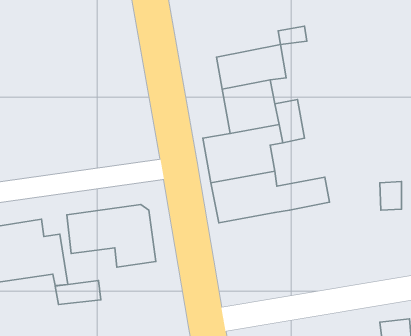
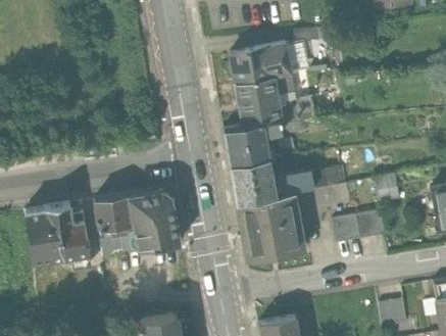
building: none -> [234,197,307,263]
building: none -> [330,211,379,242]
building: [55,280,101,304] -> [102,231,143,252]

